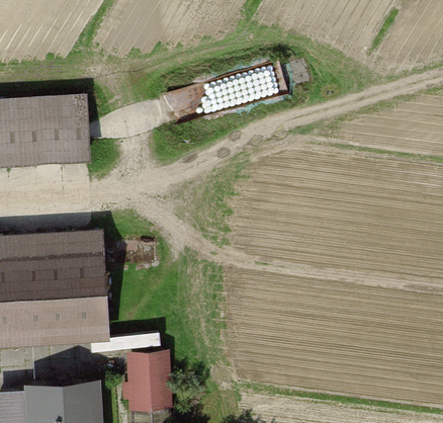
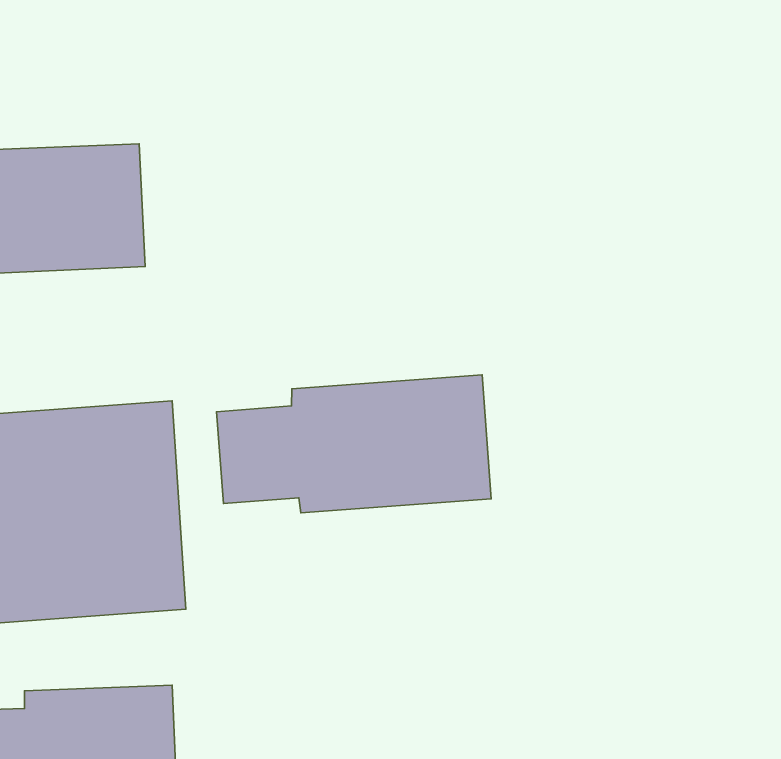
building: none -> [217,375,491,513]
building: [130,351,174,410] -> none

